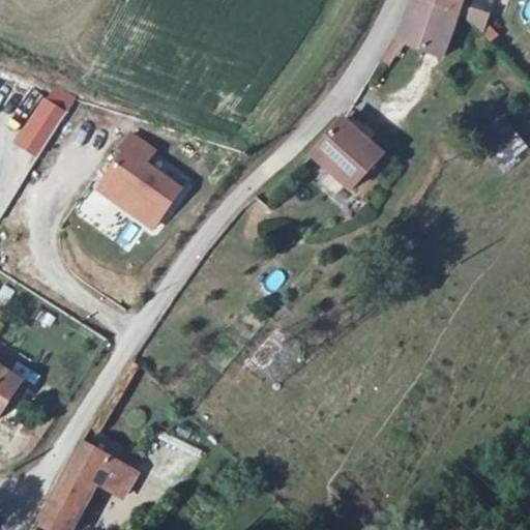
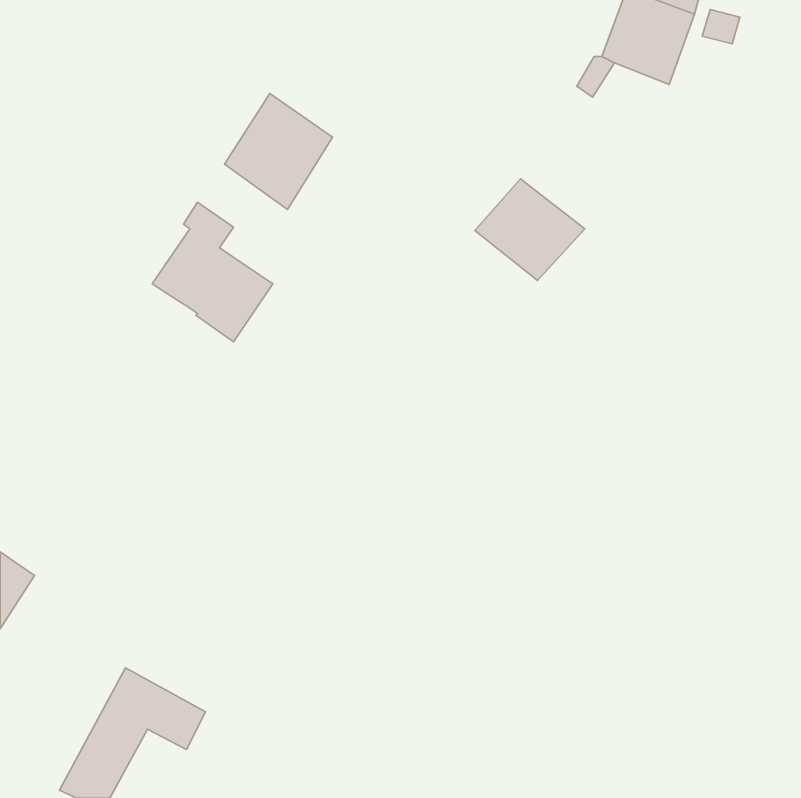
building: none -> [224,94,333,209]
building: [20,95,68,152] -> none

